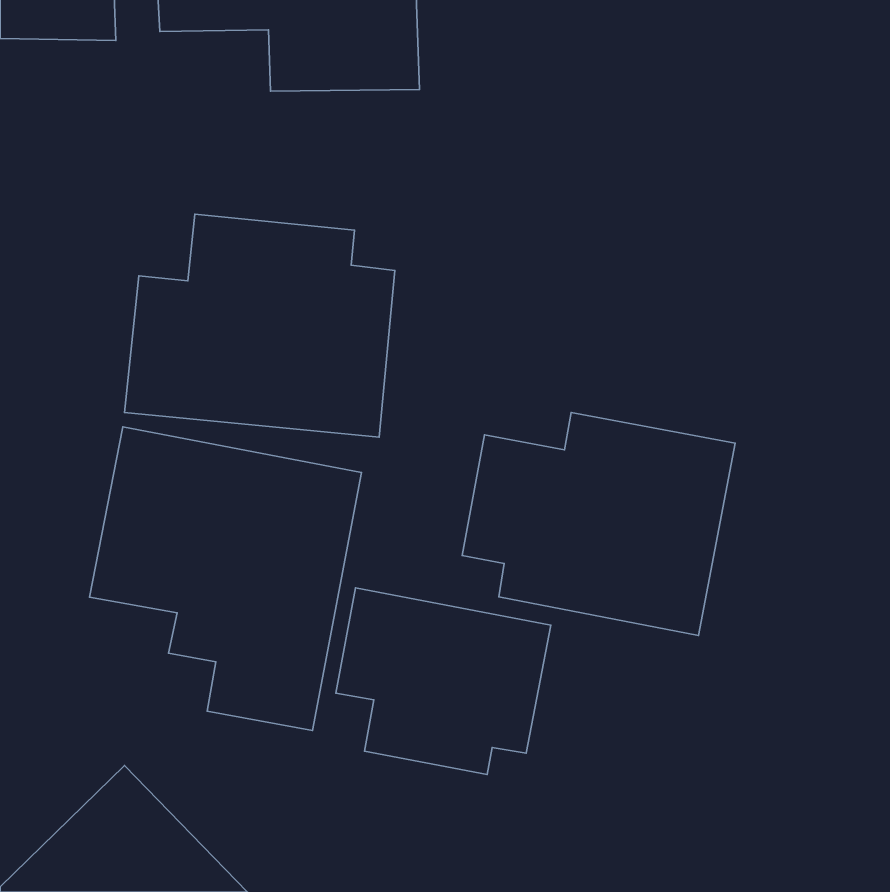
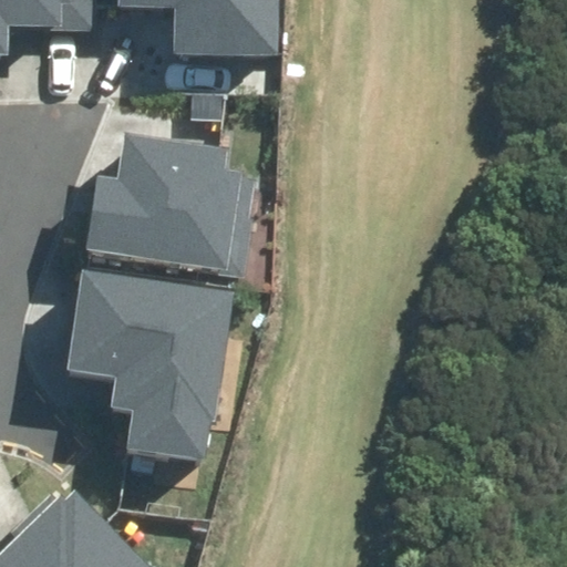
building: [462,412,735,635] -> none
building: [336,588,551,774] -> none

